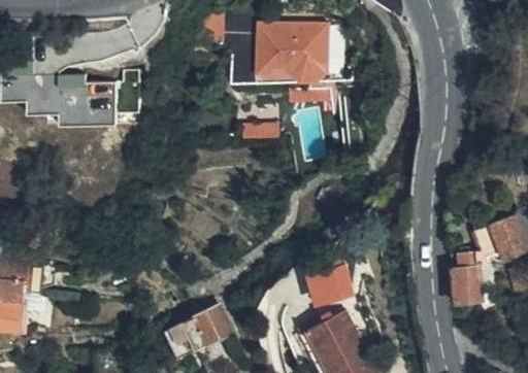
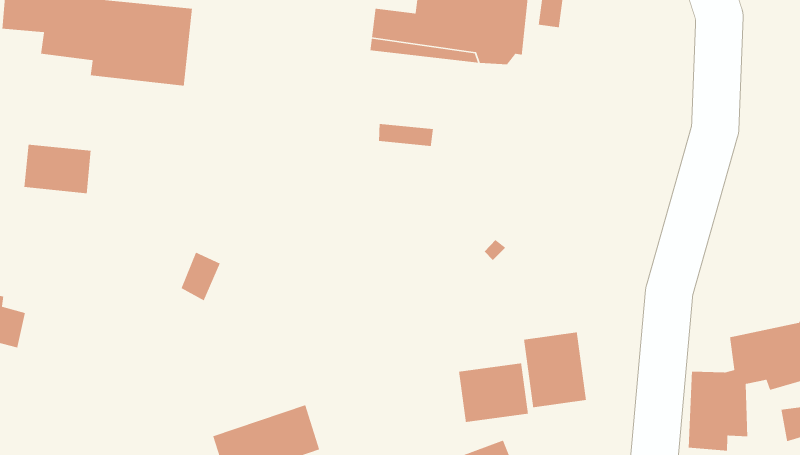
building: none -> [23,144,92,194]
building: none -> [523,331,587,408]

